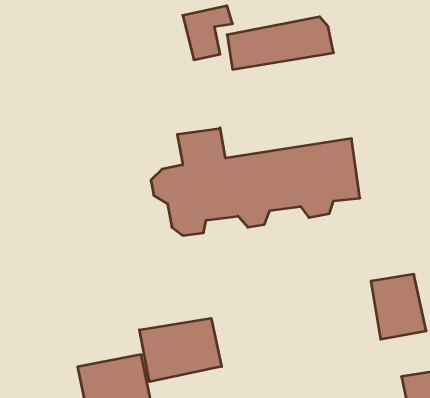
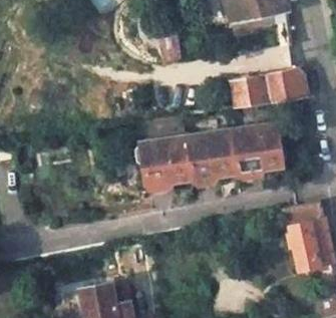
building: [227,17,334,69] -> [231,68,308,106]
building: [139,318,222,382] -> none

